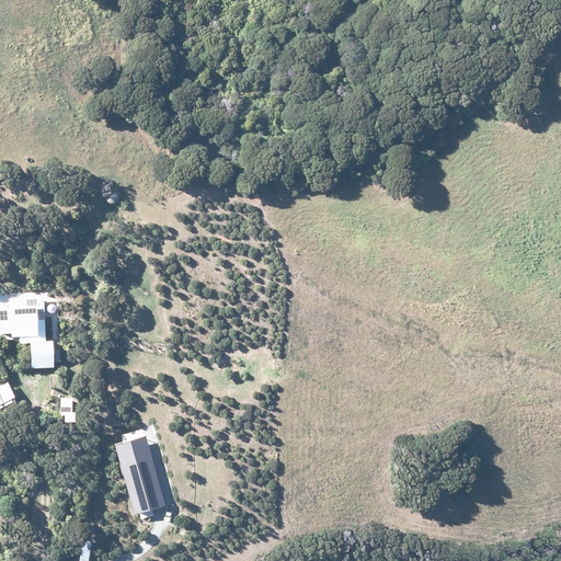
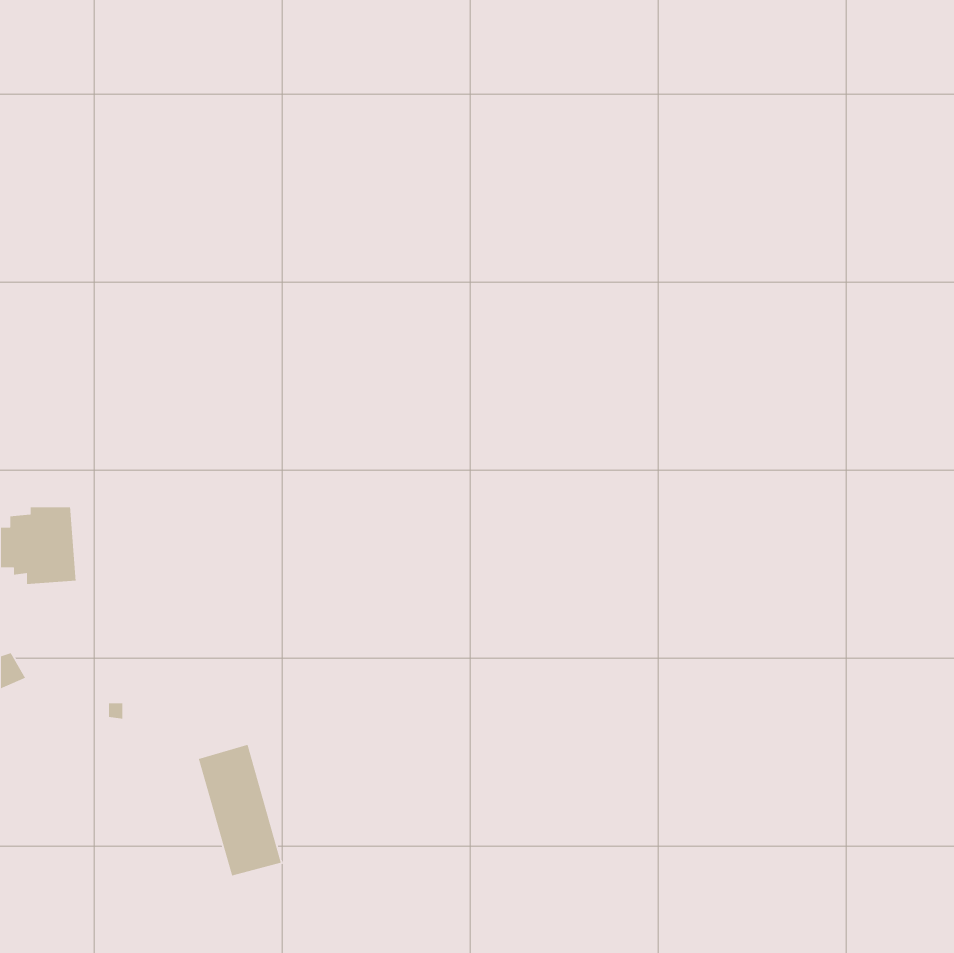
building: [28,344,49,366] -> none

